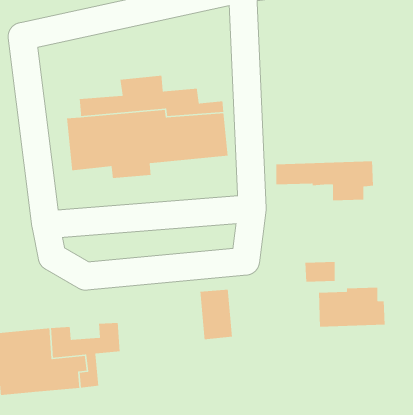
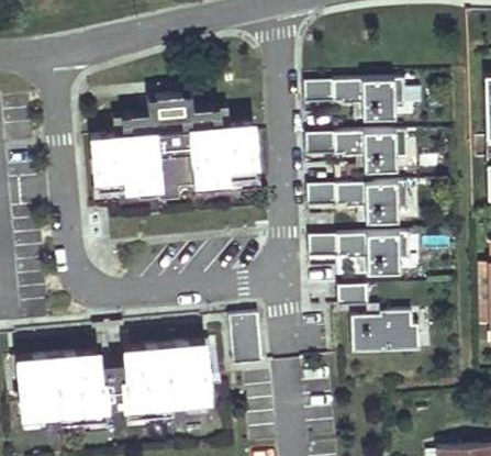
building: none -> [305,79,406,121]
building: none -> [306,132,408,173]
building: none -> [310,233,411,275]
building: none -> [124,343,211,414]

